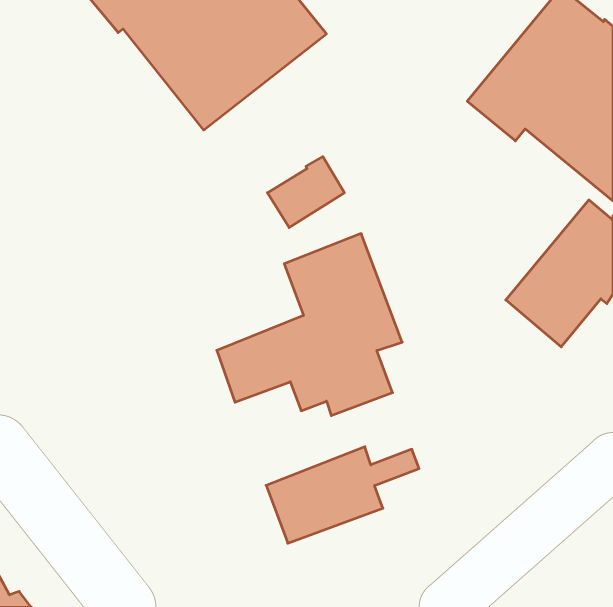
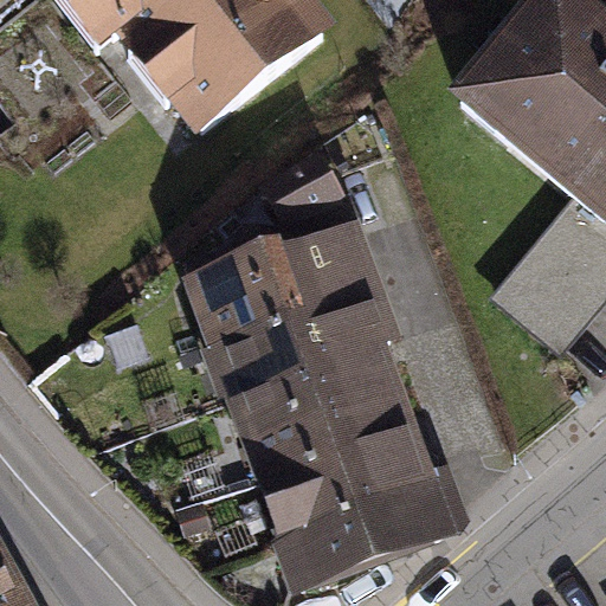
building: none -> [187,245,298,344]
building: none -> [231,375,405,477]
building: none -> [283,460,458,582]

